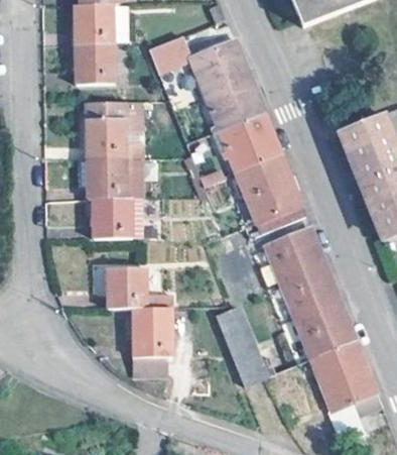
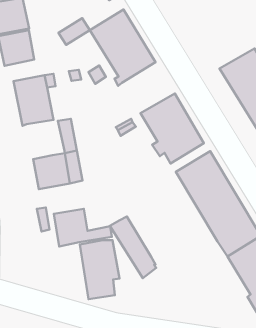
building: [217,108,278,166] -> none
building: [94,159,134,198] -> none
building: [216,312,263,389] -> [110,216,156,278]

